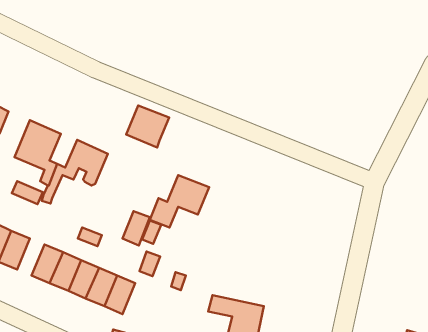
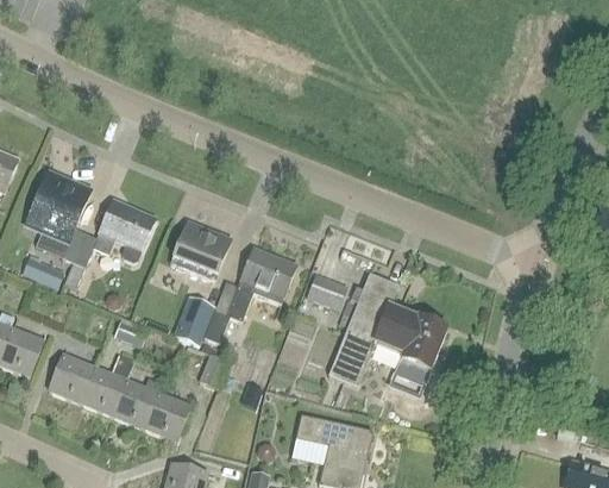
building: [126,105,169,147] -> [170,221,230,280]
building: none -> [306,273,346,308]
building: none -> [327,273,446,386]

